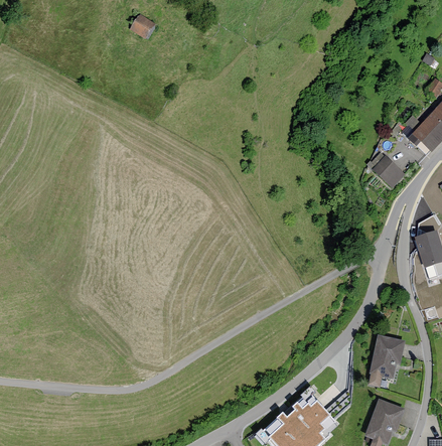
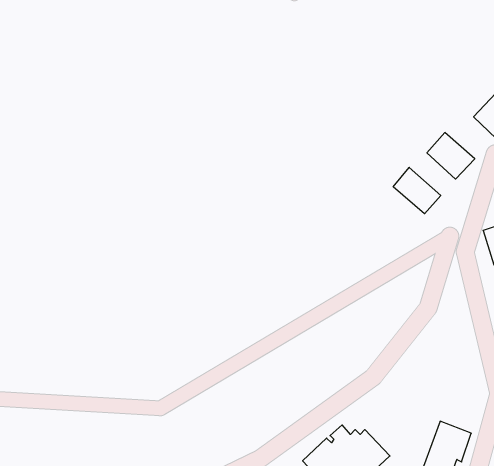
building: none -> [393,167,441,214]
building: [367,332,405,386] -> none

